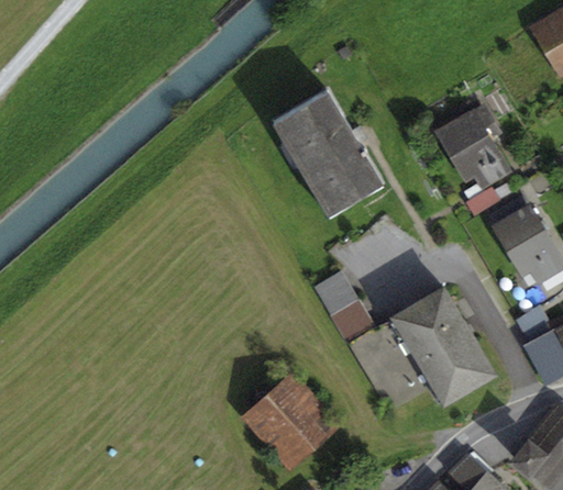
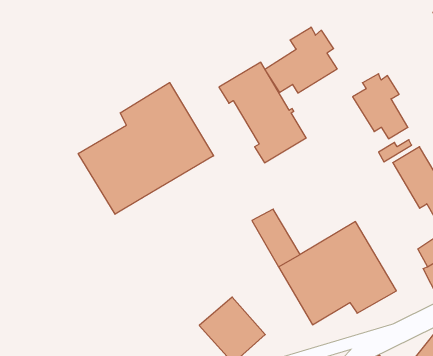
building: none -> [265,27,337,93]
building: none -> [78,83,214,214]

